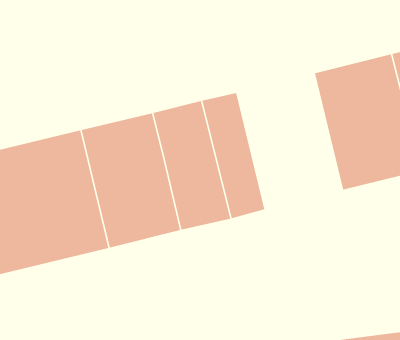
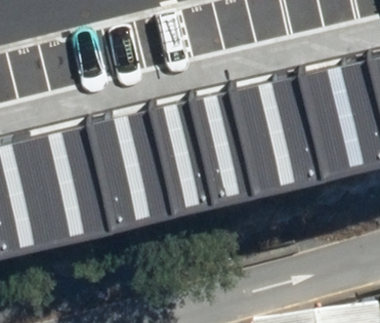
building: none -> [225,76,321,199]

